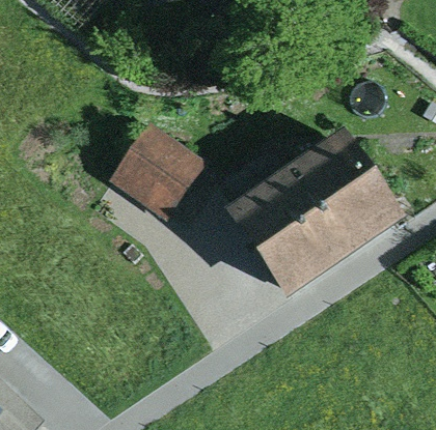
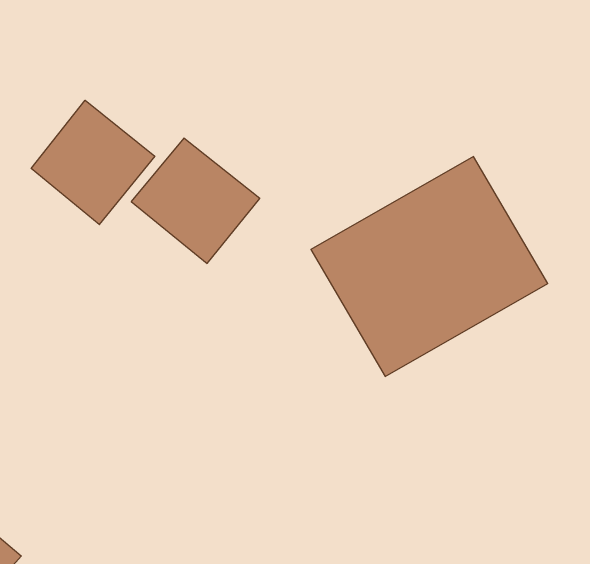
building: none -> [31,100,155,225]

